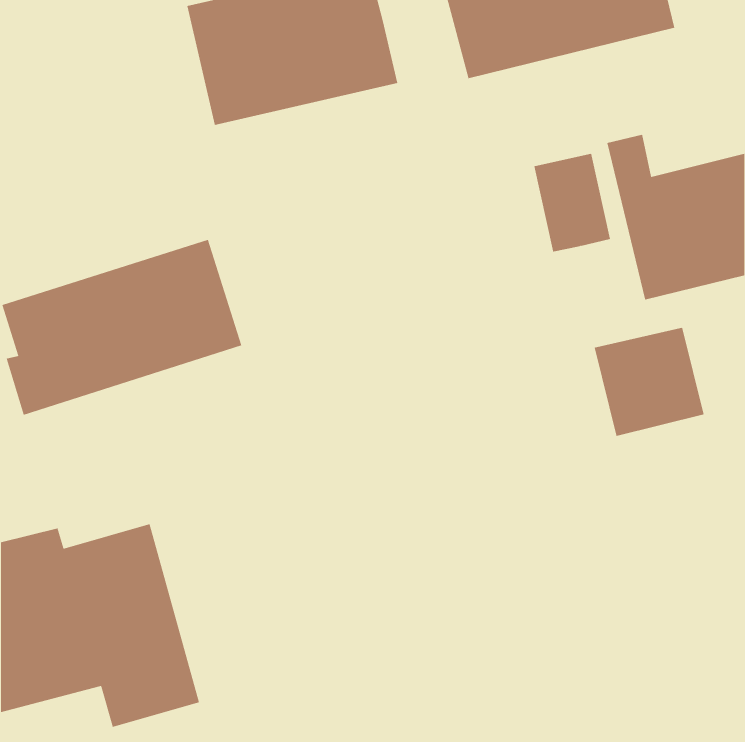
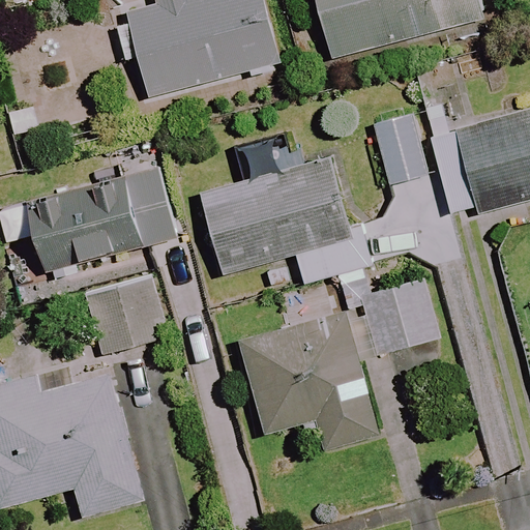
building: none -> [202,160,378,277]
building: [594,327,705,436] -> [357,277,436,355]
building: none -> [80,271,164,355]
building: none -> [215,314,374,449]

